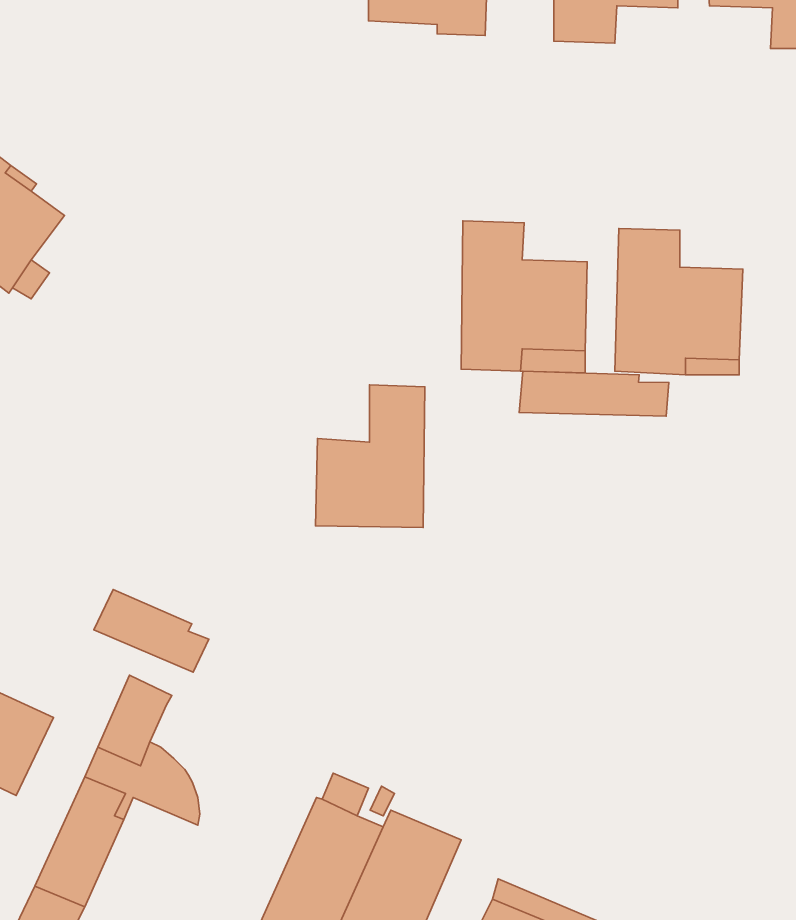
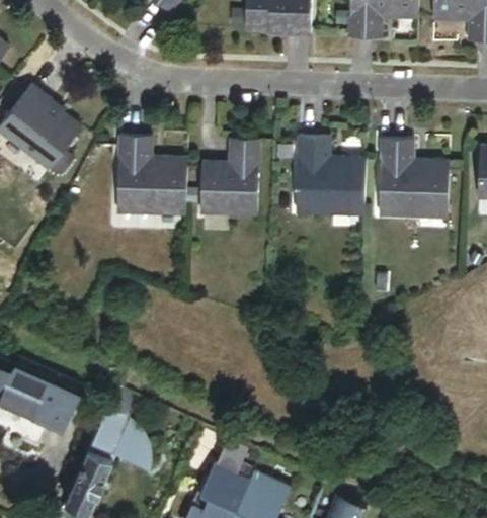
building: none -> [116,135,187,211]
building: [519,371,669,416] -> none
building: [316,385,425,528] -> [200,135,260,212]
building: [94,590,209,672] -> none

